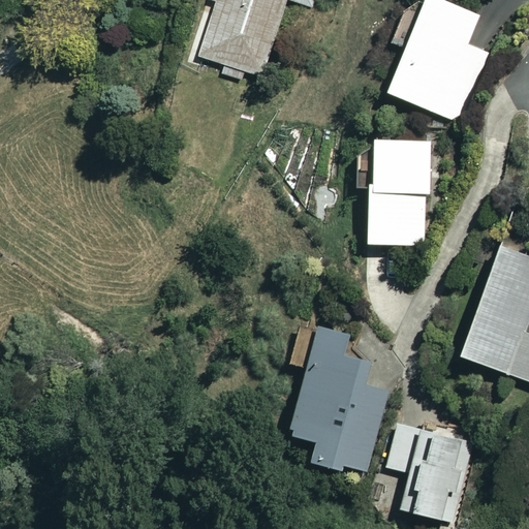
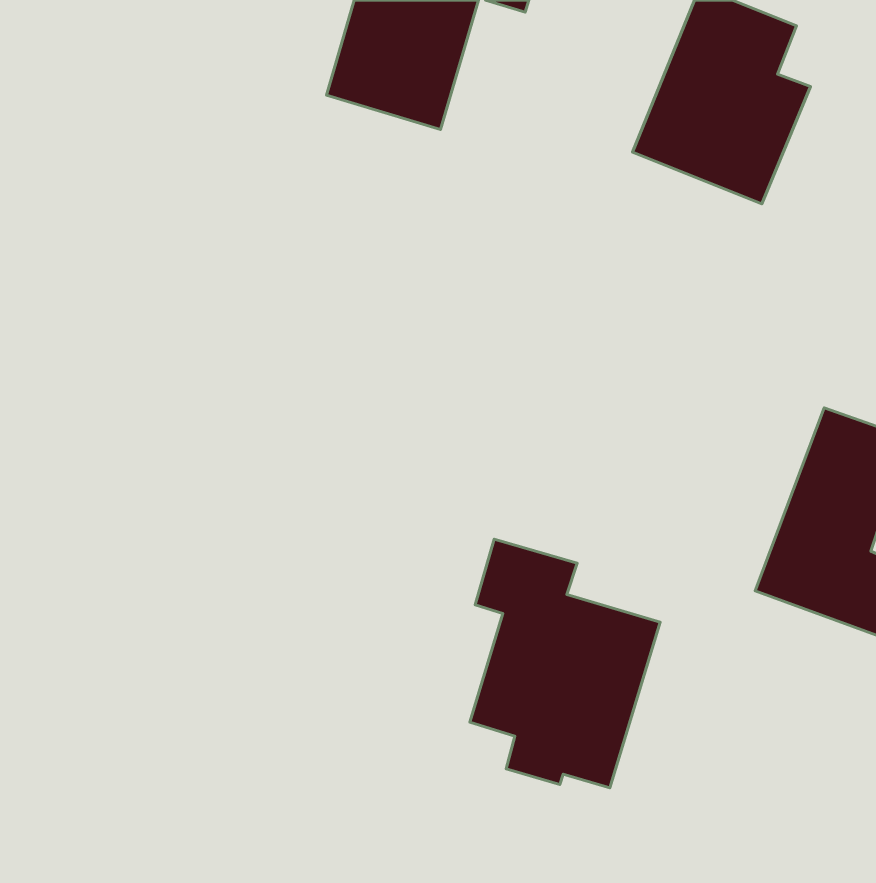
building: [362,137,431,245] -> none
building: [388,423,476,522] -> none

